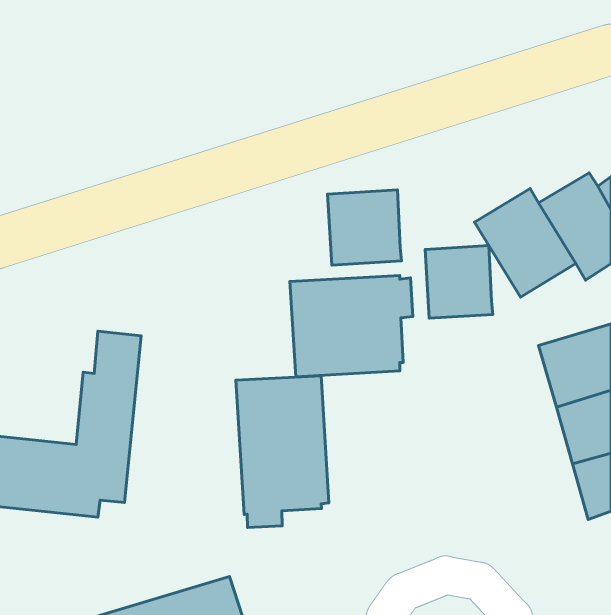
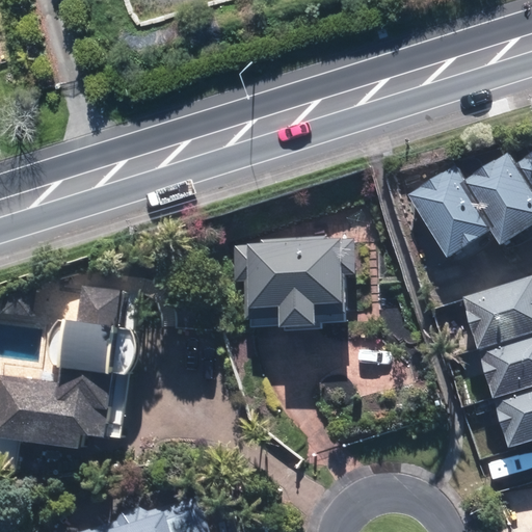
building: [328,190,401,265] -> none
building: [425,246,493,318] -> none
building: [236,376,329,528] -> none

